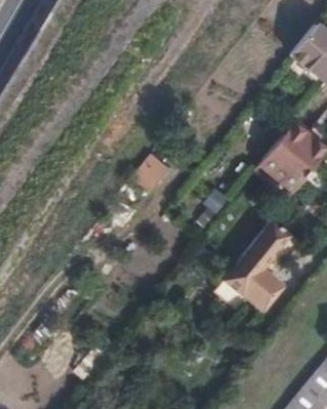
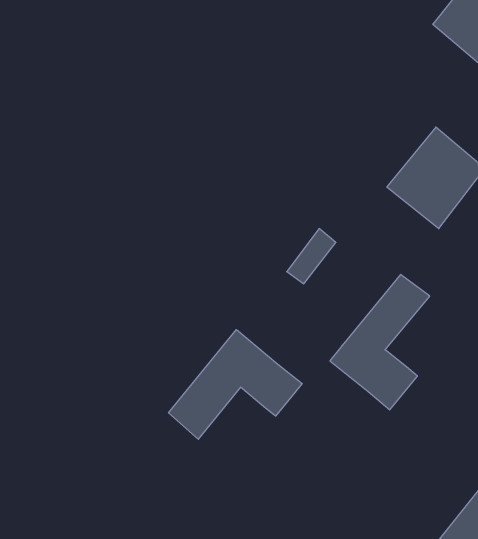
building: [129,152,171,194] -> none
building: none -> [169,330,302,439]

